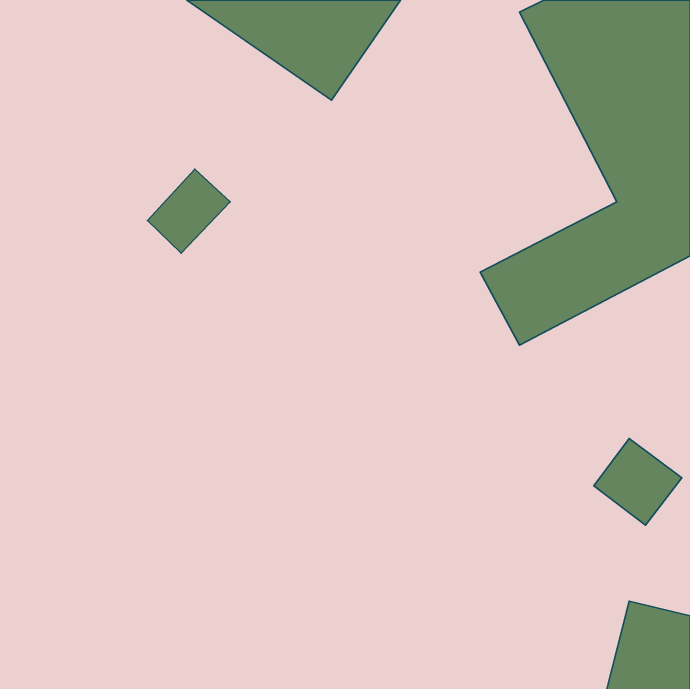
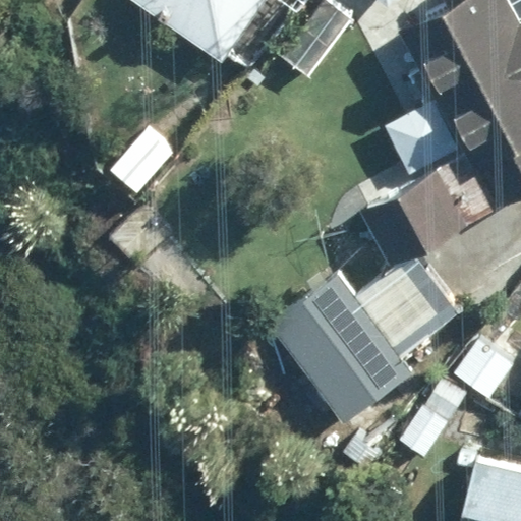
building: none -> [268,251,459,424]

